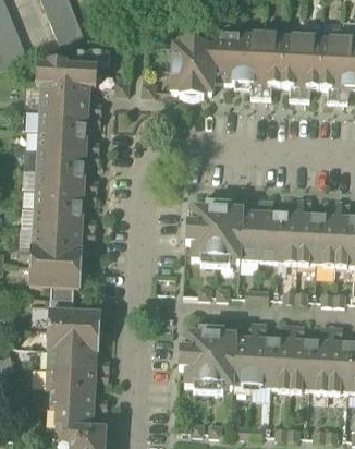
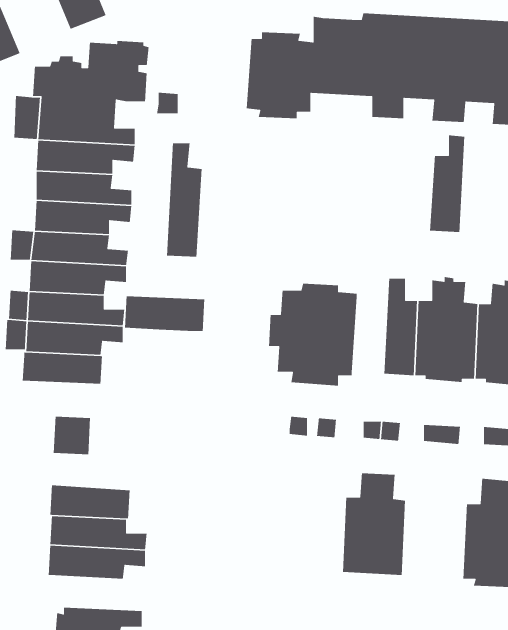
building: none -> [166,142,203,258]
building: [238,196,261,258] -> [429,135,465,233]
building: [28,263,79,286] -> [124,296,205,332]
building: [48,308,99,331] -> none
building: [270,321,310,391] -> none
building: [177,327,234,392] -> none
building: [49,386,107,408] -> none

